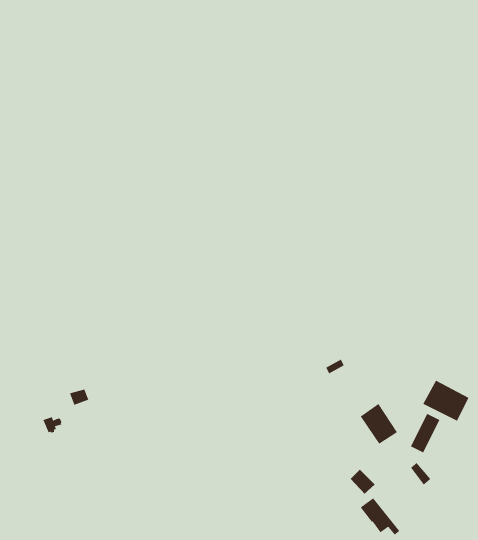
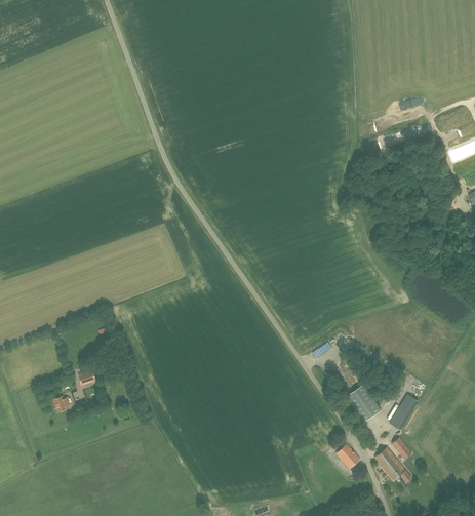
building: [422,380,469,422] -> none
building: [360,498,400,535] -> [374,447,411,482]

